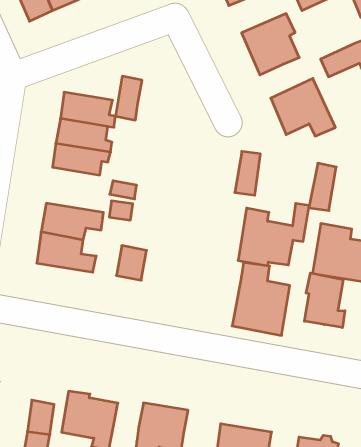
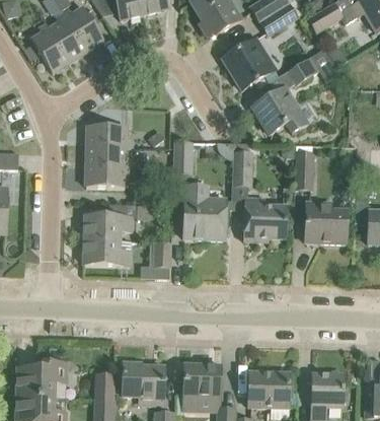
building: [116,76,142,120] -> [174,140,192,173]
building: [232,262,290,335] -> [183,186,225,239]
building: [304,273,345,328] -> none

